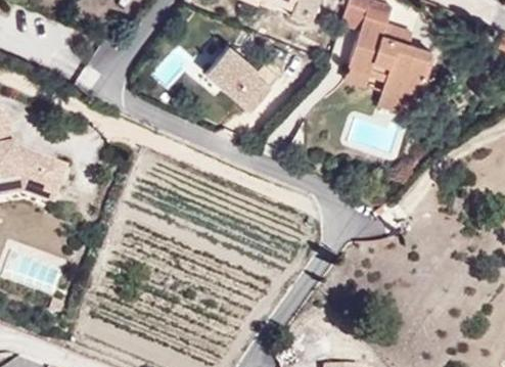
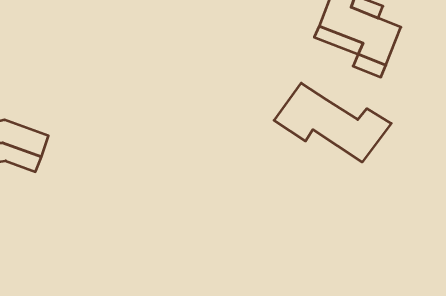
building: [205,44,276,113] -> none
building: none -> [274,83,391,162]

